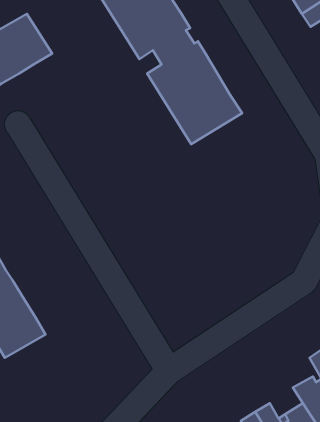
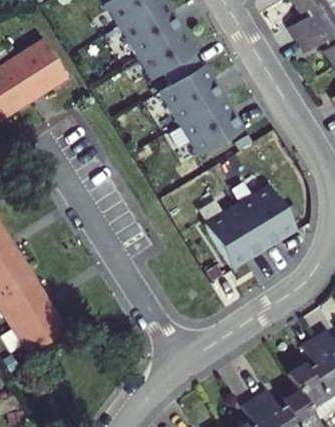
building: none -> [204,184,296,269]

